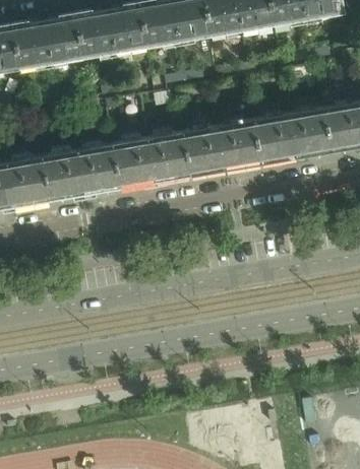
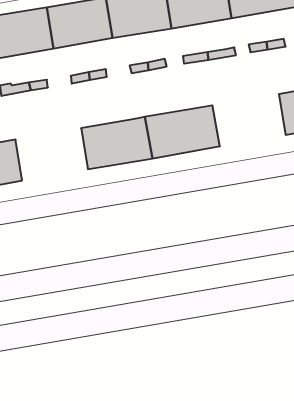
building: [252,108,331,163] -> none
building: [42,144,119,200] -> none

